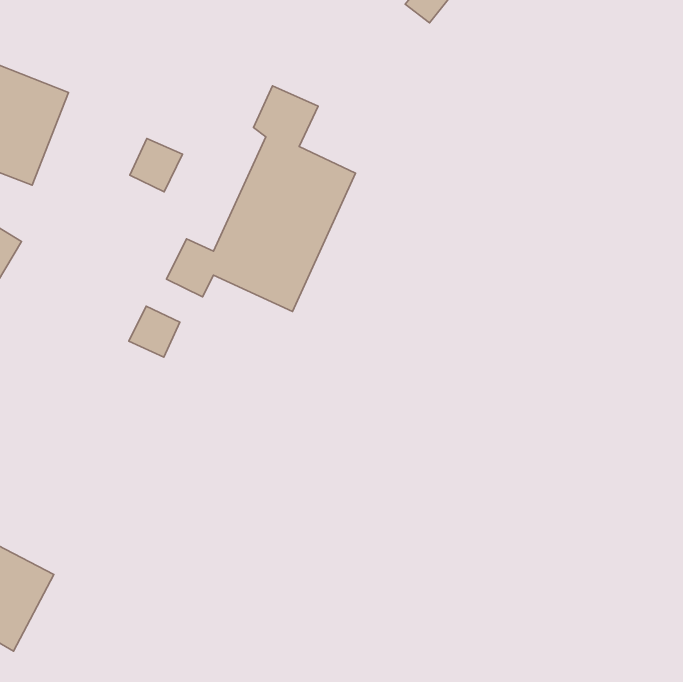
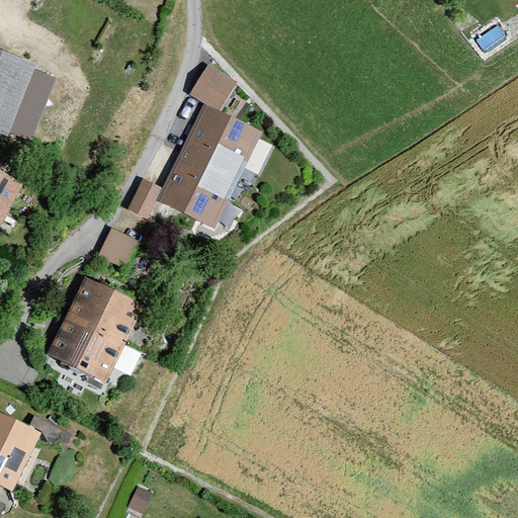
building: [130,138,182,192] -> none
building: none -> [48,278,143,381]

